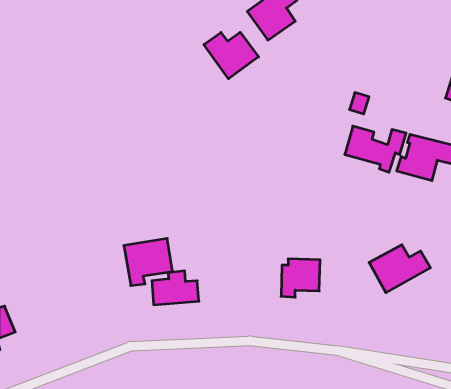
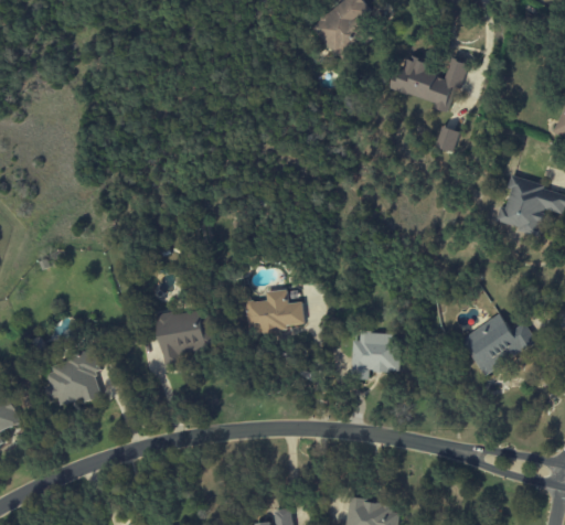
building: [204,32,259,79] -> none
building: [345,126,406,172] -> [392,54,468,111]
building: [152,271,199,305] -> [246,289,305,331]
building: none -> [46,350,102,406]

